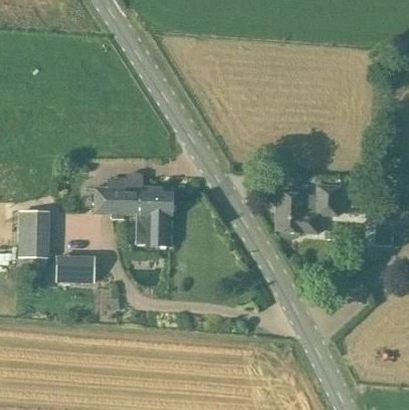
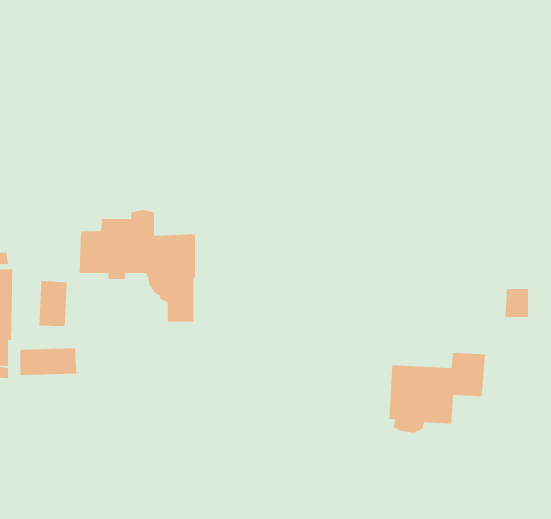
building: [276,186,341,239] -> [388,353,486,433]
building: none -> [39,280,67,327]

